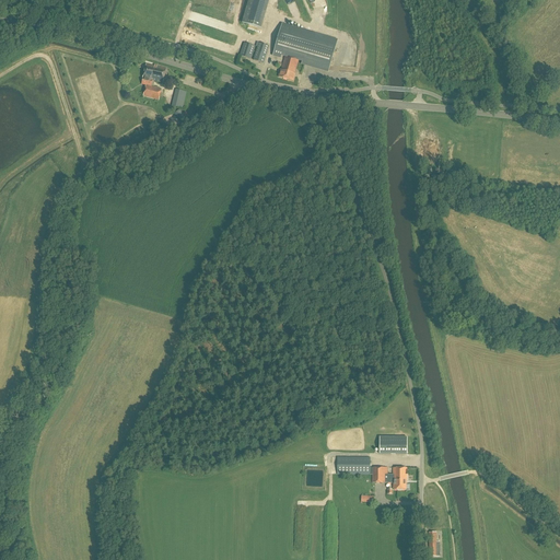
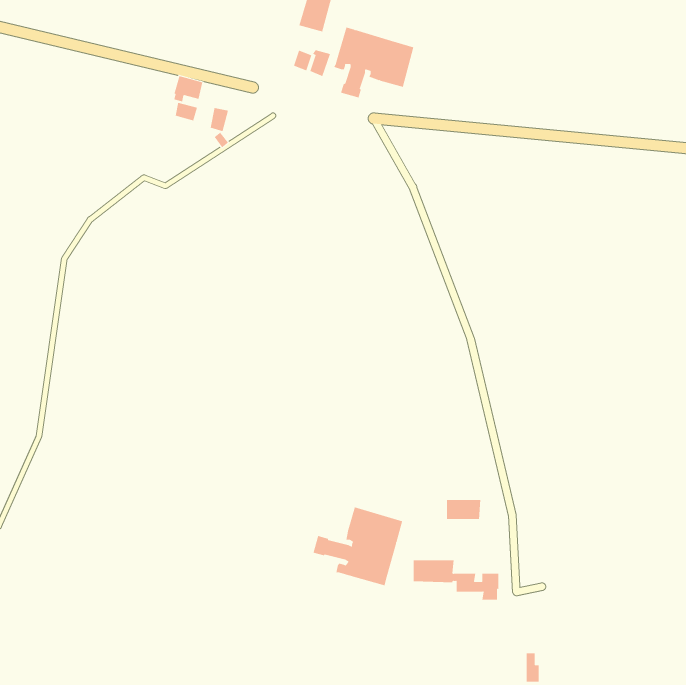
building: none -> [313,507,403,586]
building: [378,435,407,452] -> [446,499,481,520]

